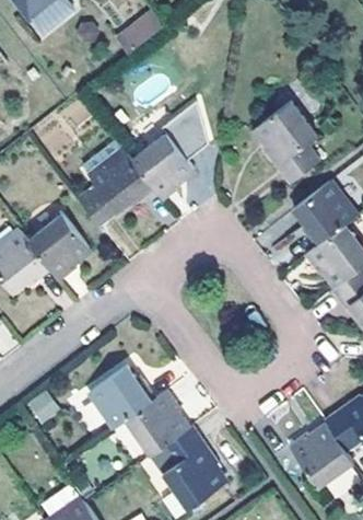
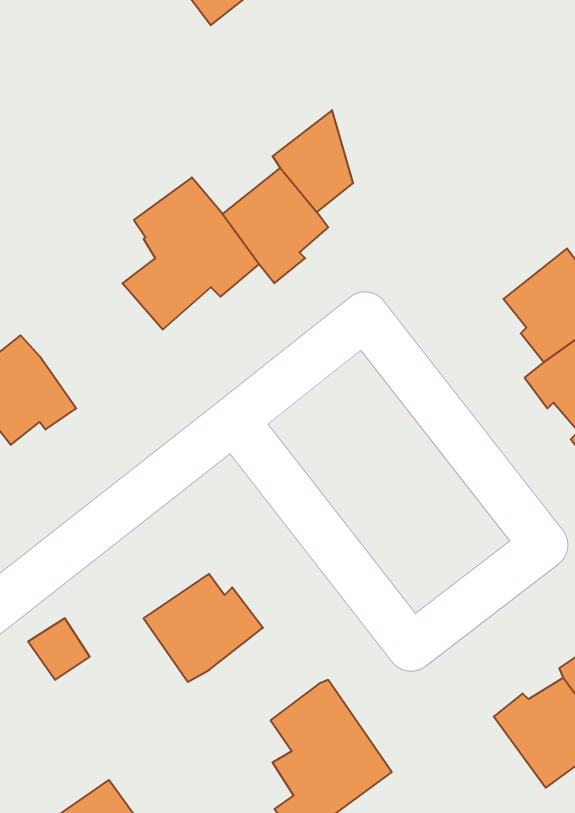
building: [255,101,320,183] -> none
building: [30,215,91,281] -> none
building: [126,389,188,455] -> none

